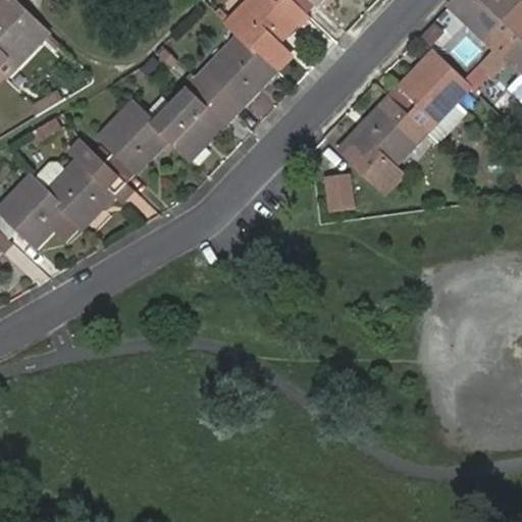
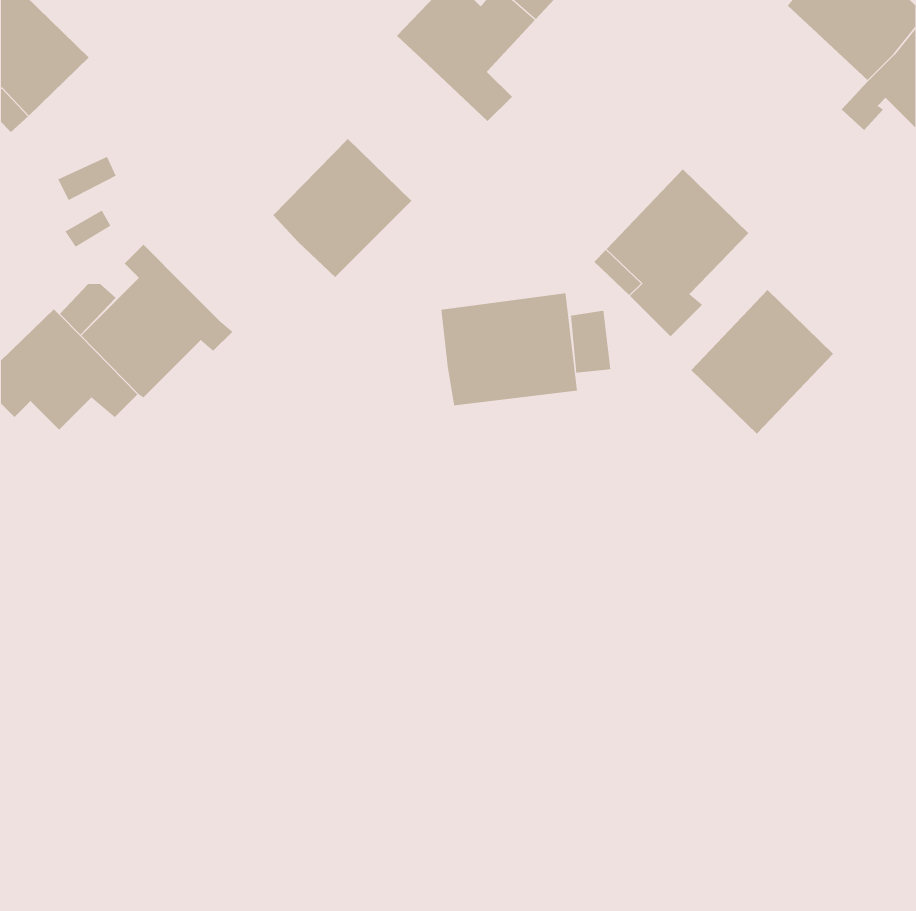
building: [198,34,277,114] -> none
building: [388,50,470,133] -> [691,289,834,435]
building: [100,102,169,182] -> none
building: none -> [441,292,578,406]

